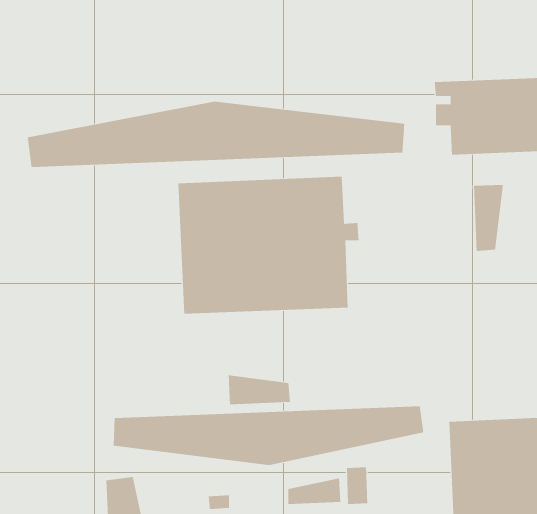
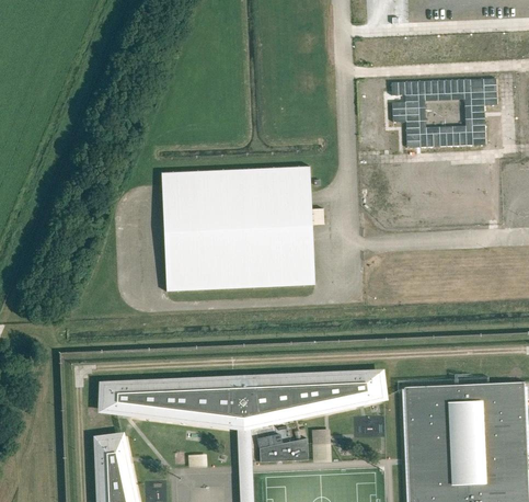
building: [27,101,405,168] -> none
building: [473,184,504,252] -> none
building: [228,375,291,405] -> none

